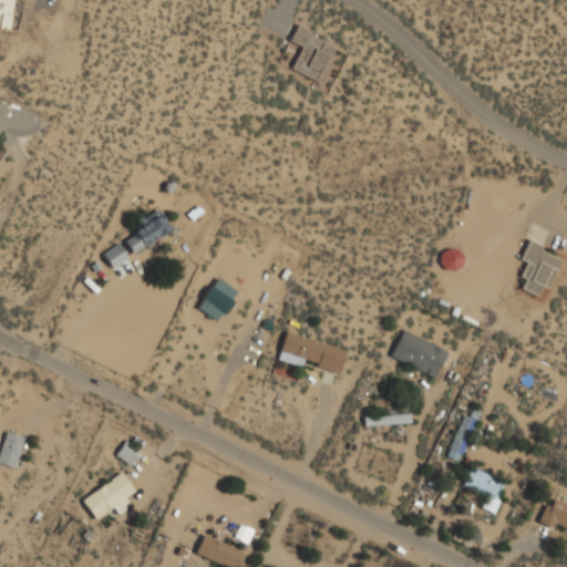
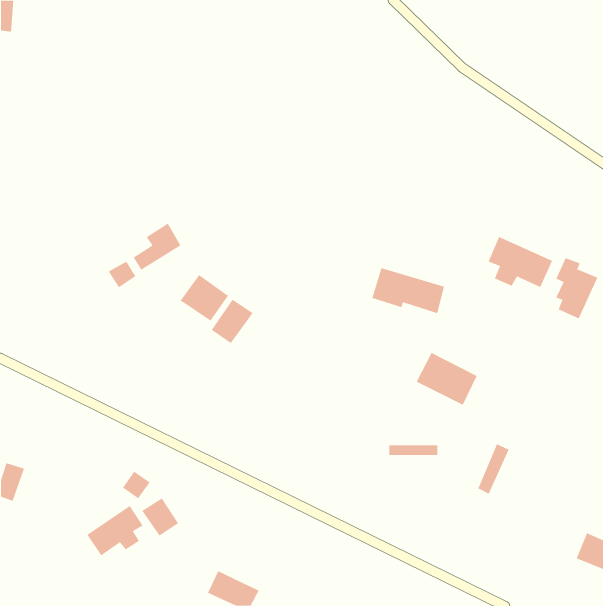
building: [291,28,340,83] -> none
building: none -> [488,236,553,288]
building: none -> [180,274,229,322]
building: [278,331,347,374] -> [371,267,445,314]
building: none -> [141,497,179,536]
building: [465,467,508,514] -> none

